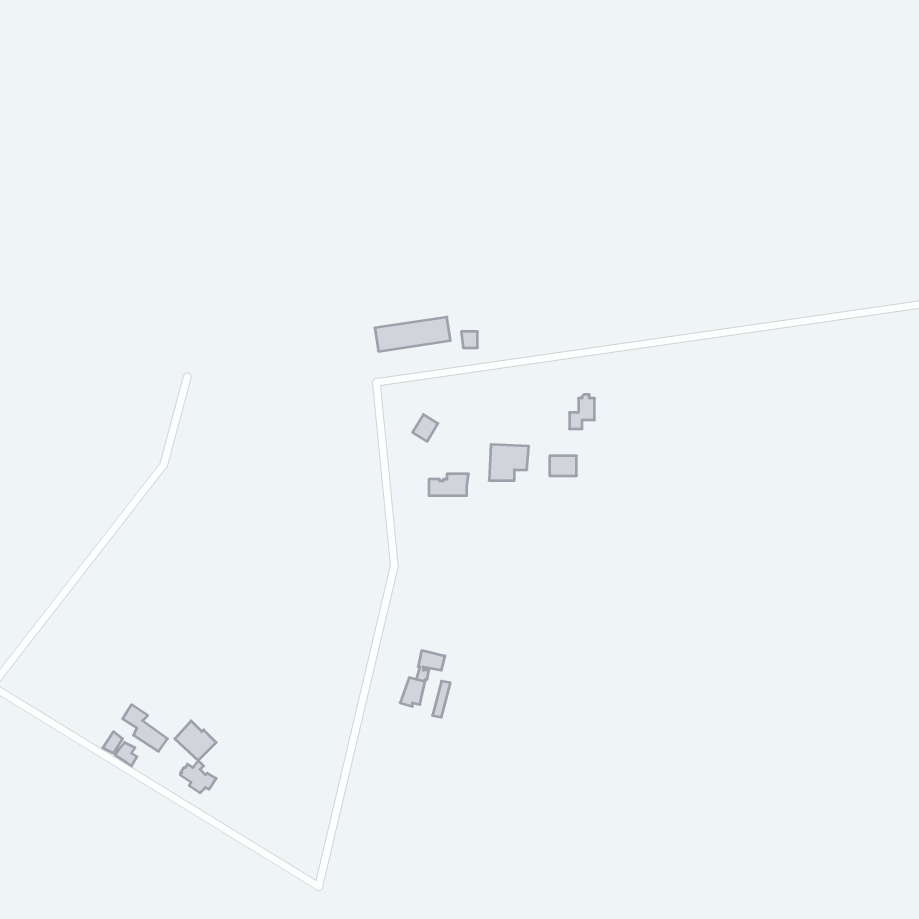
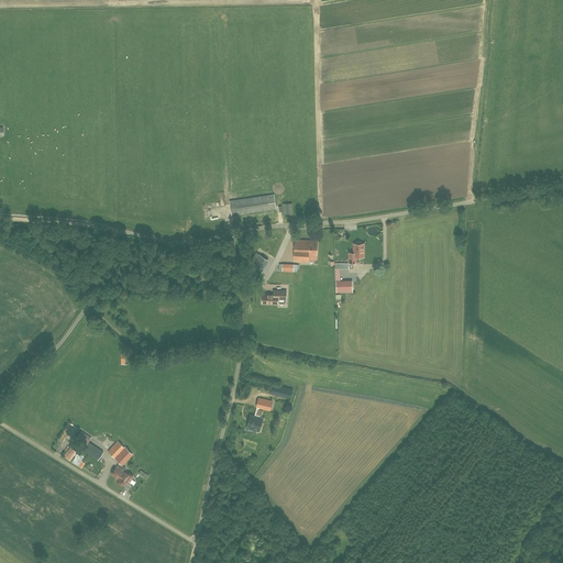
building: [489,444,529,480] -> [292,239,317,261]

